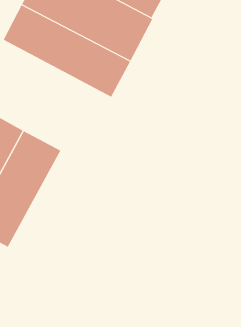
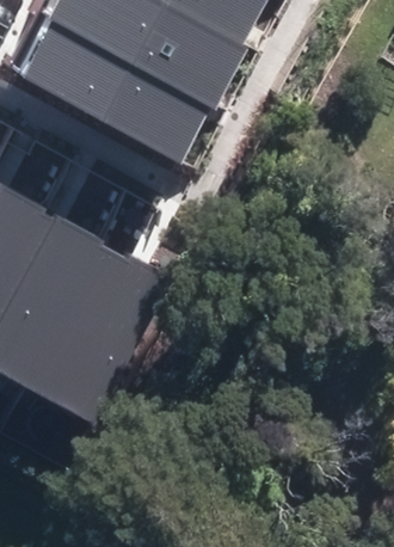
building: none -> [29,240,171,420]

